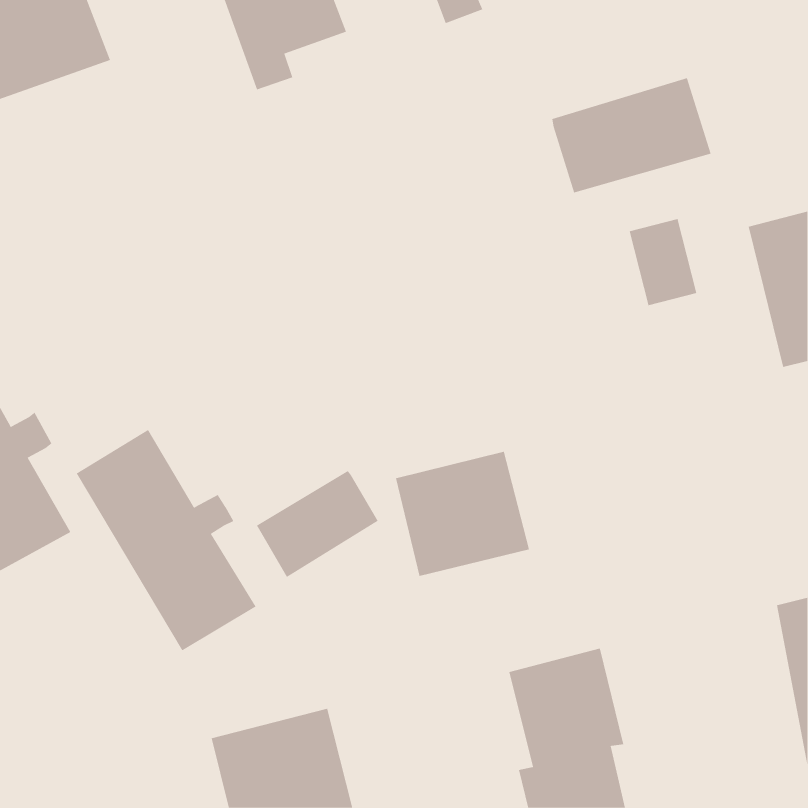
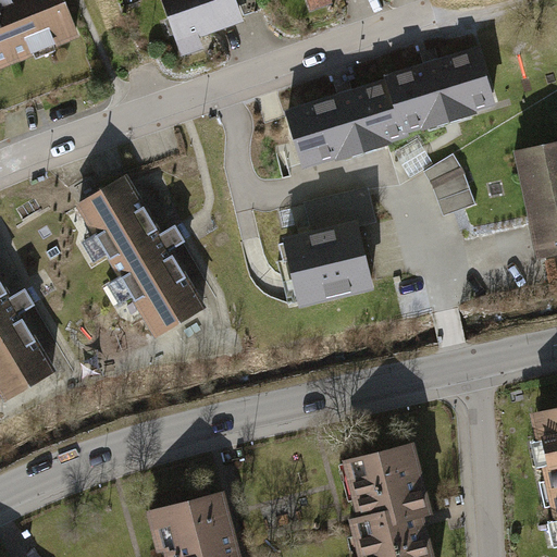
building: none -> [286,87,396,166]
building: [76,429,256,651] -> [77,177,201,330]
building: [395,451,530,576] -> [281,222,373,308]
building: [256,470,379,578] -> none

